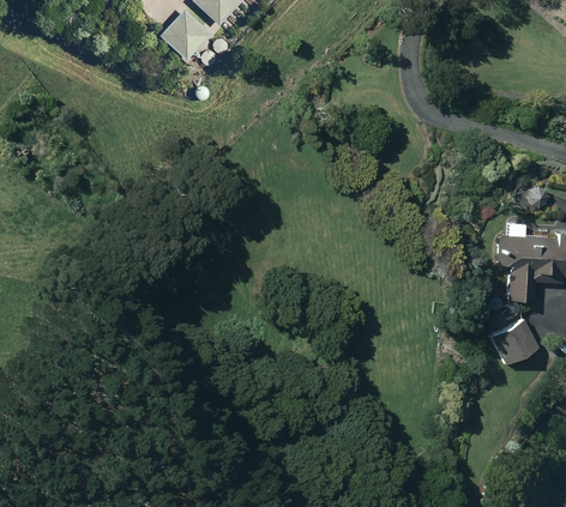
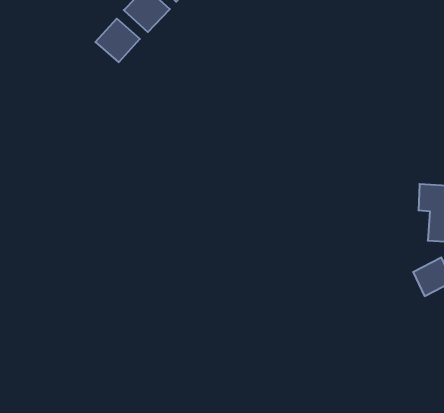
building: none -> [95,19,140,62]

